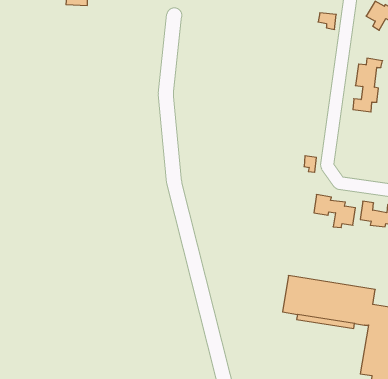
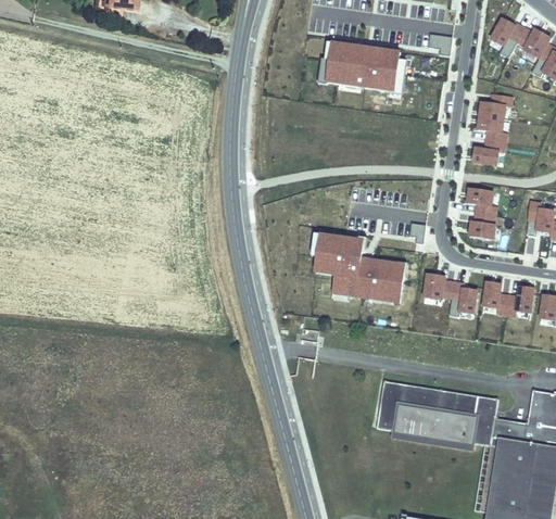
building: none -> [318,42,405,90]
building: none -> [466,188,496,239]
building: none -> [316,233,407,304]

